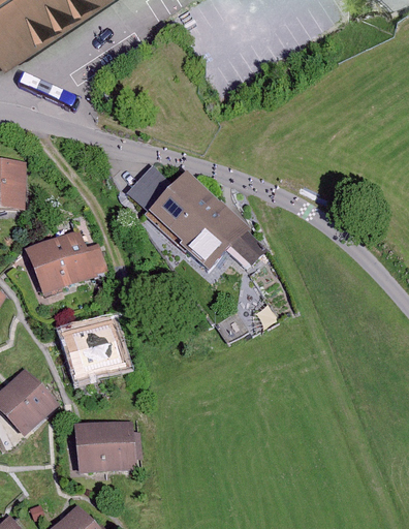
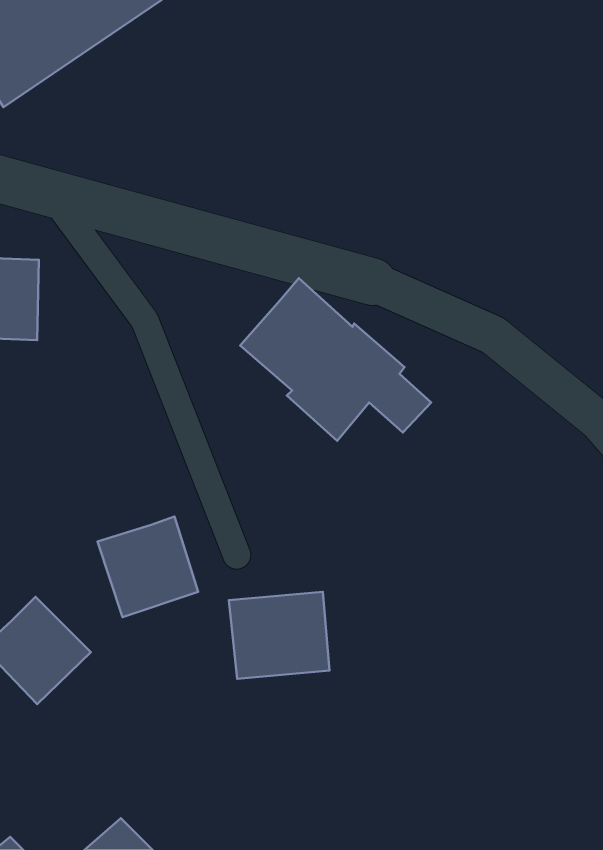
building: [127,165,175,213] -> none
building: [24,228,107,295] -> none
building: [73,419,135,473] -> [229,592,329,679]

